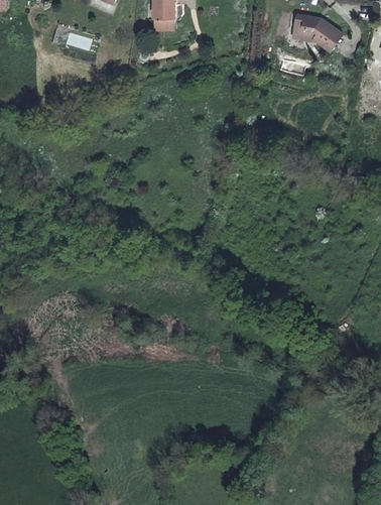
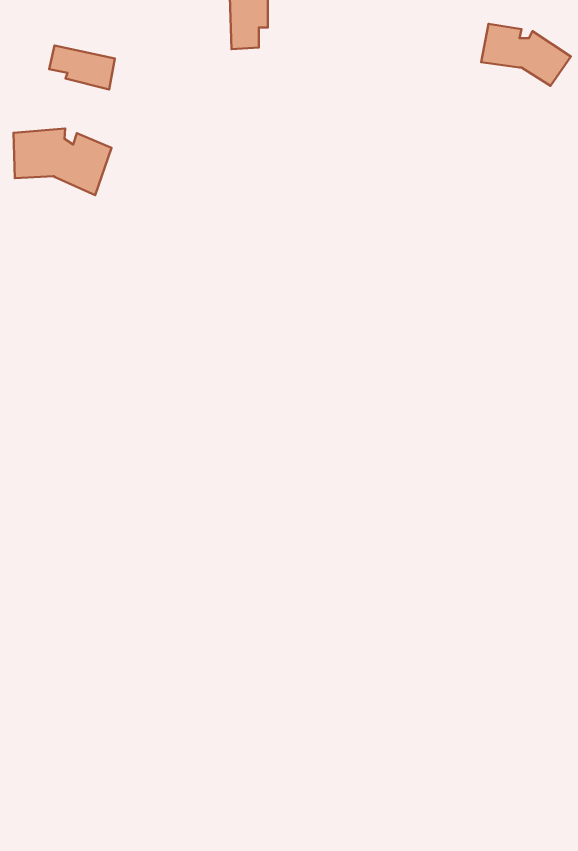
building: none -> [13,128,111,195]

